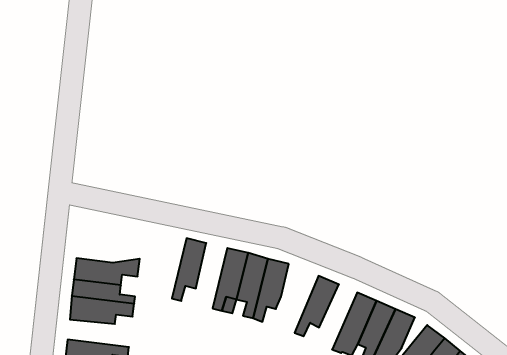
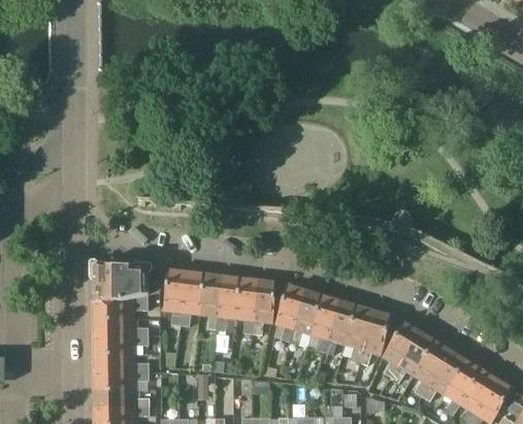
building: none -> [94,264,160,301]
building: none -> [165,270,187,326]
building: none -> [200,274,223,330]
building: none -> [277,286,304,343]
building: none -> [310,296,339,353]
building: none -> [95,354,149,372]

